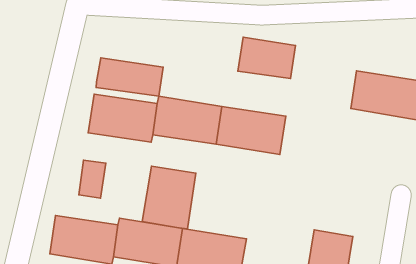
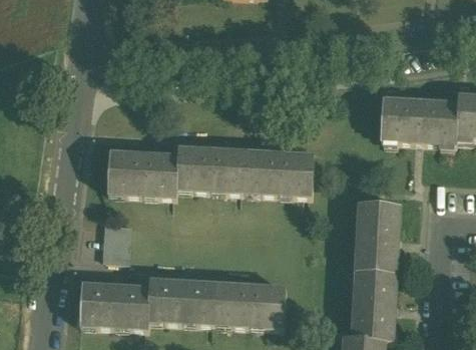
building: [238,37,296,79] -> none
building: [96,58,163,96] -> none
building: [142,166,196,229] -> none
building: none -> [355,203,400,273]

